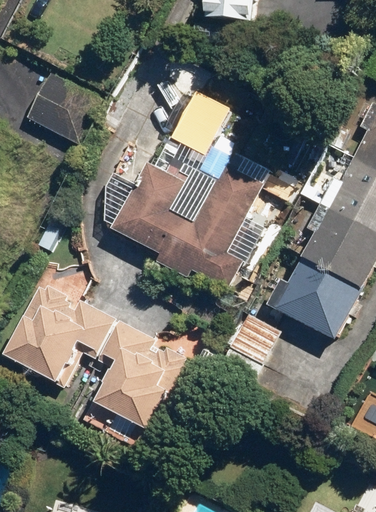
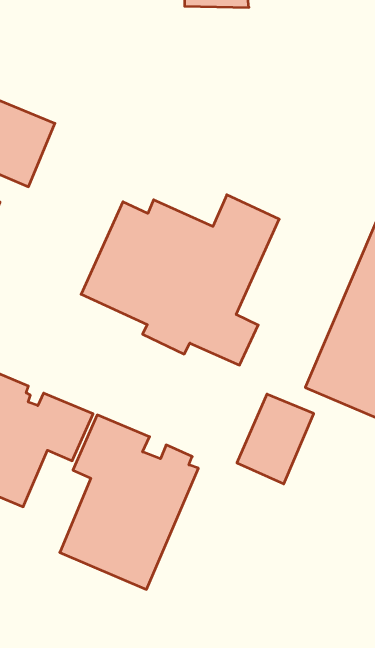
building: [169,89,228,154] -> none

